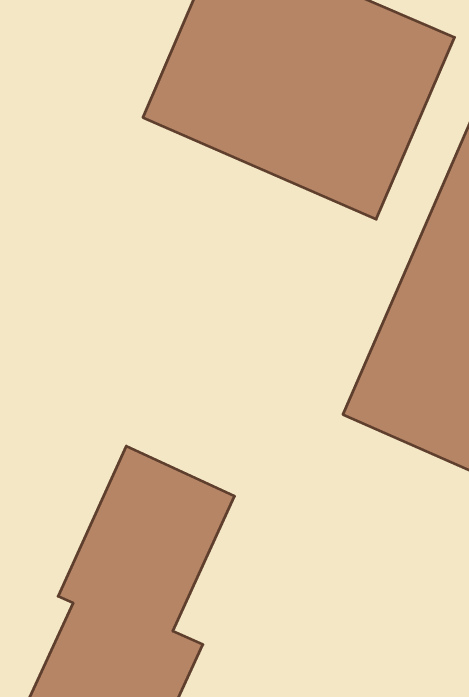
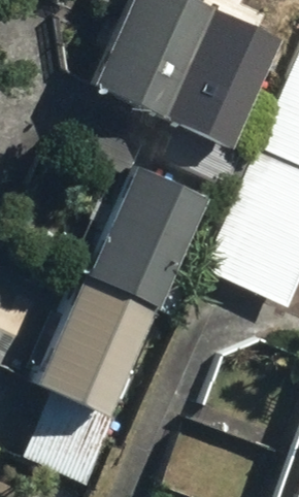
building: none -> [91,156,210,305]

